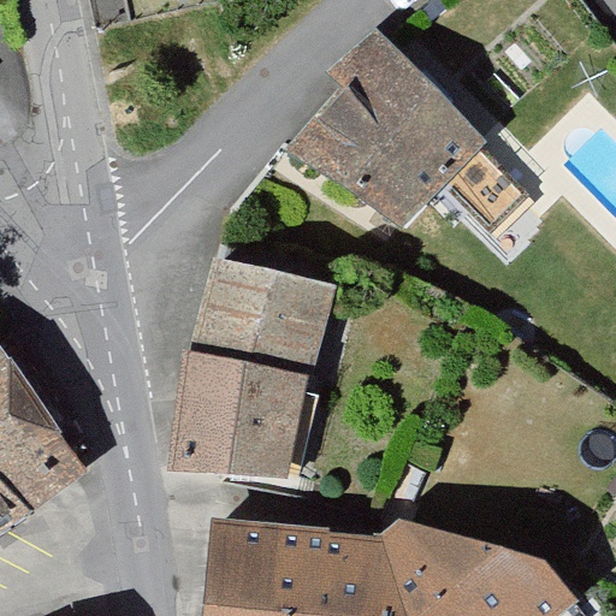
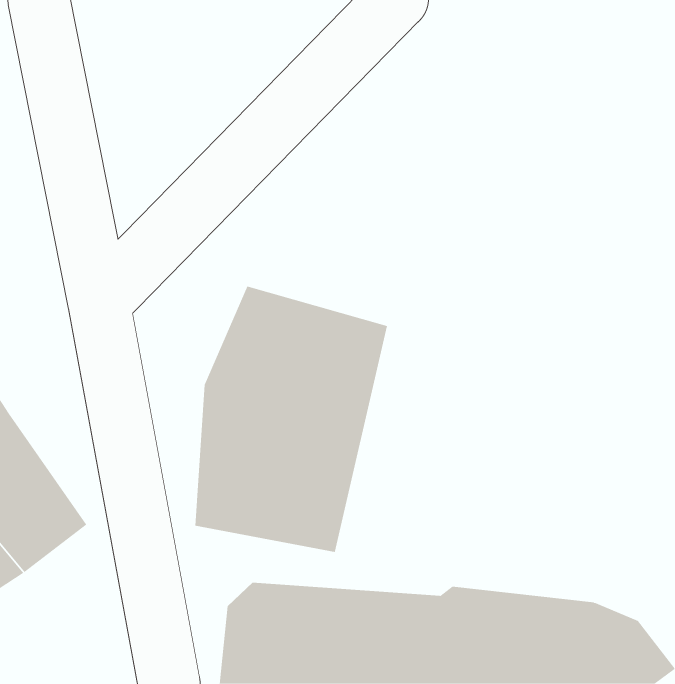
building: [279,38,533,257] -> none

